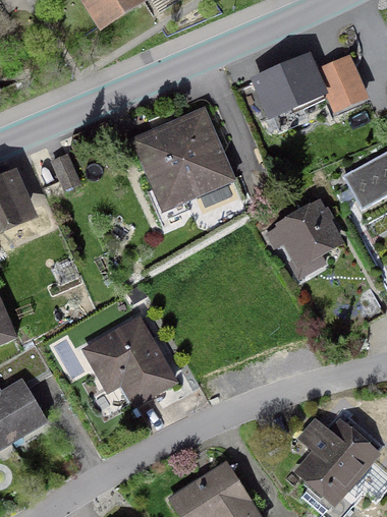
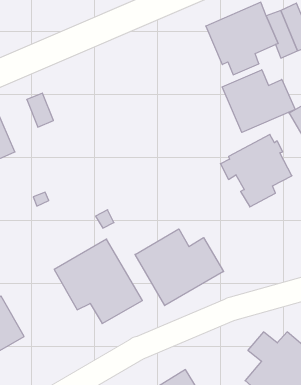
building: [129,106,236,213] -> none
building: none -> [222,70,295,132]
building: none -> [135,229,224,306]

